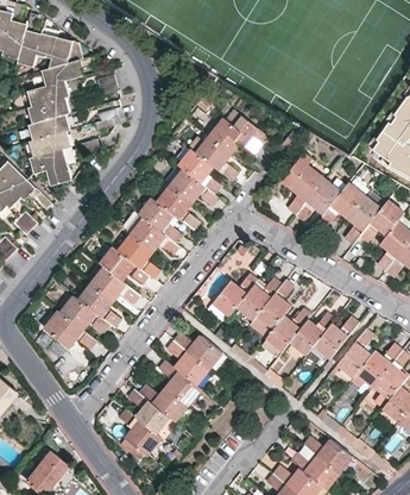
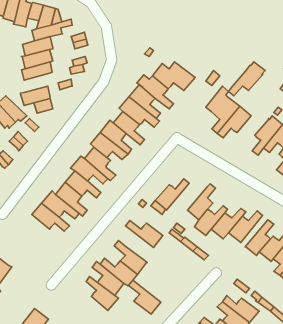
building: [29,132,71,158] -> none
building: [320,177,370,224] -> [228,62,265,96]
building: [234,281,283,324] -> none
building: [165,340,209,387] -> [128,280,161,314]

